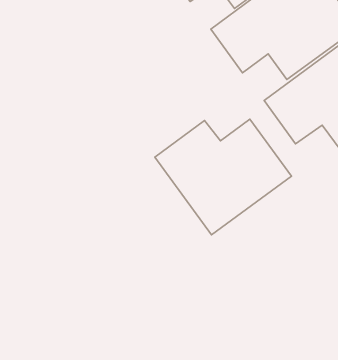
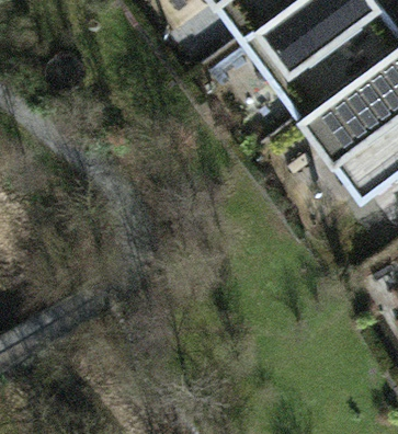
building: [155,119,292,235] -> none

